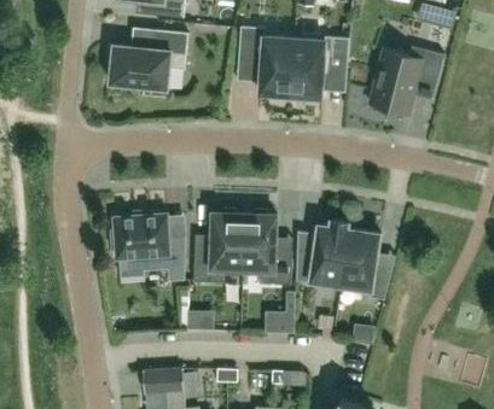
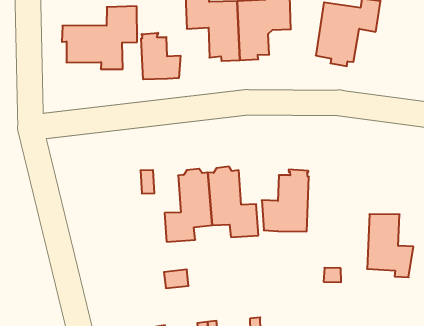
building: none -> [141,33,180,79]
building: [110,214,184,281] -> none
building: [341,229,391,299] -> [367,214,413,277]
building: [265,292,295,333] -> none

